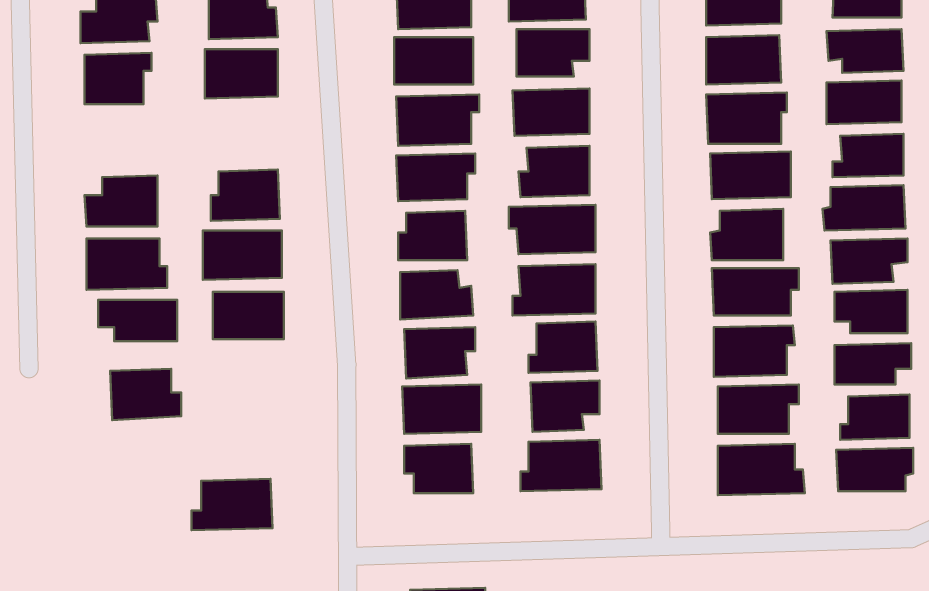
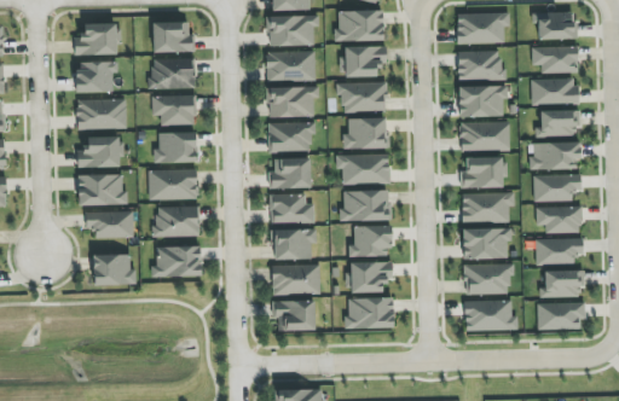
building: none -> [151,94,196,124]
building: none -> [76,98,126,129]
building: [191,479,272,530] -> [151,245,201,277]

